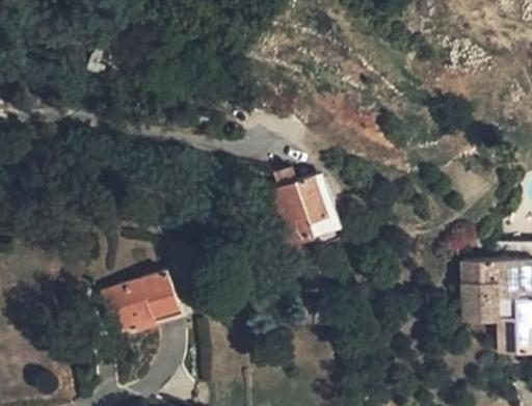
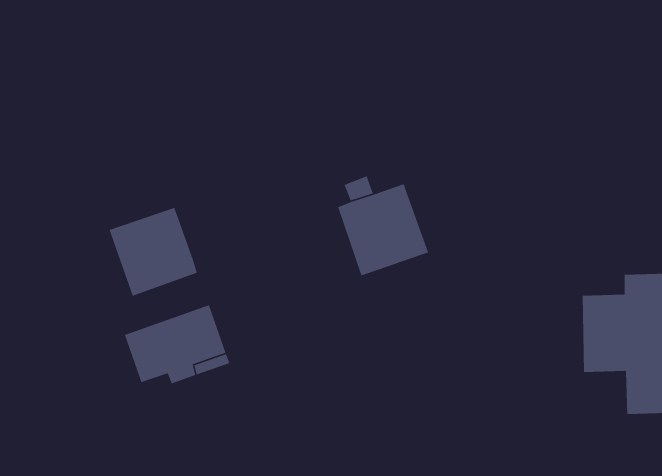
building: none -> [108,207,198,297]

